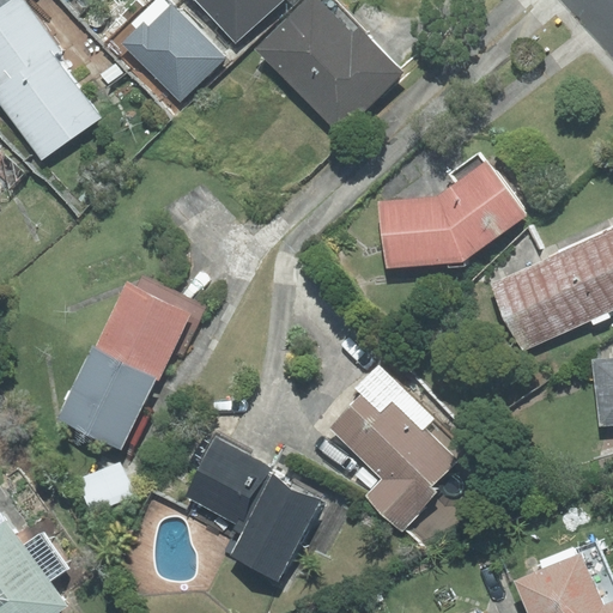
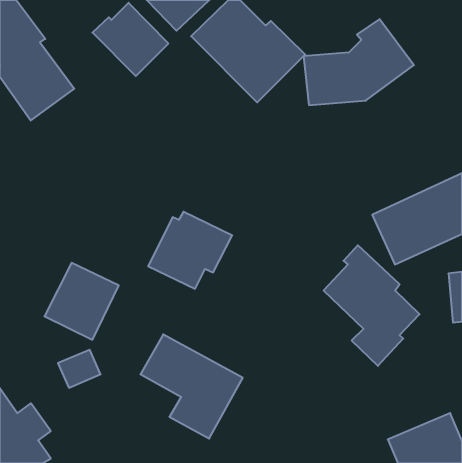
building: [378,153,524,267] -> [303,19,414,105]
building: [95,275,206,377] -> [148,212,232,289]
building: [332,369,459,528] -> [324,245,420,366]

